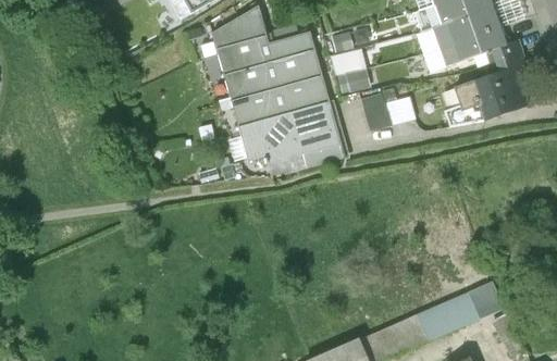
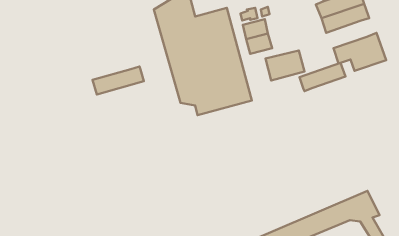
building: [491,38,523,72] -> none
building: none -> [299,63,345,91]
building: none -> [93,66,144,94]

